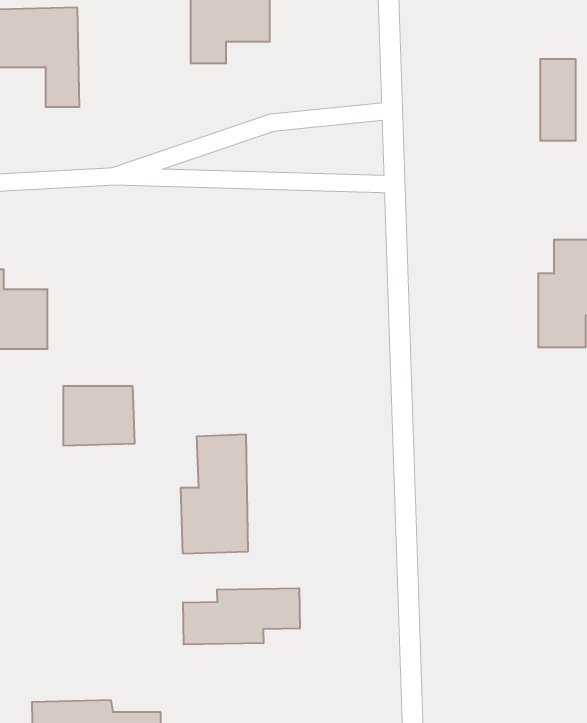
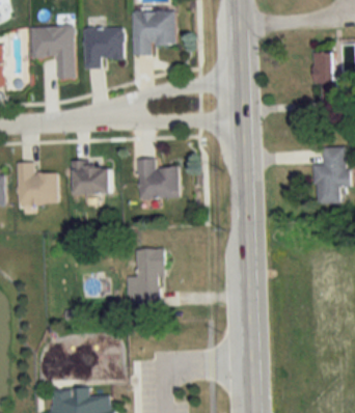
building: none -> [83,28,122,68]
building: none -> [137,159,178,199]
building: [63,386,135,446] -> [73,164,110,195]
building: [183,588,300,645] -> none

